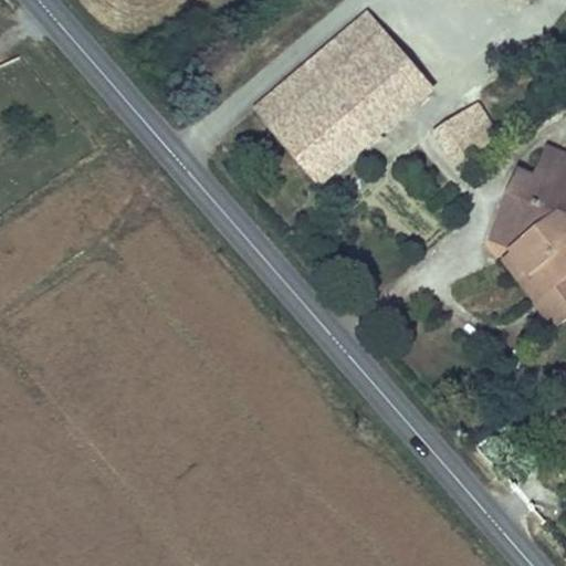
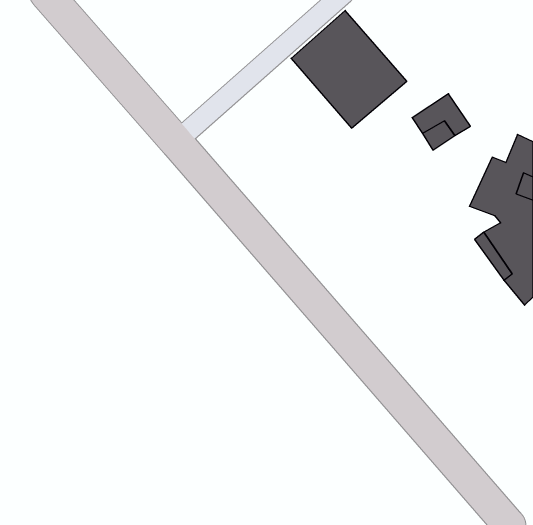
building: [254,62,373,180] -> none

